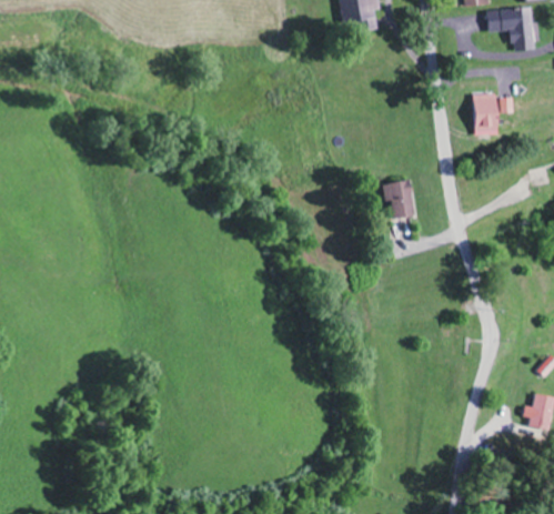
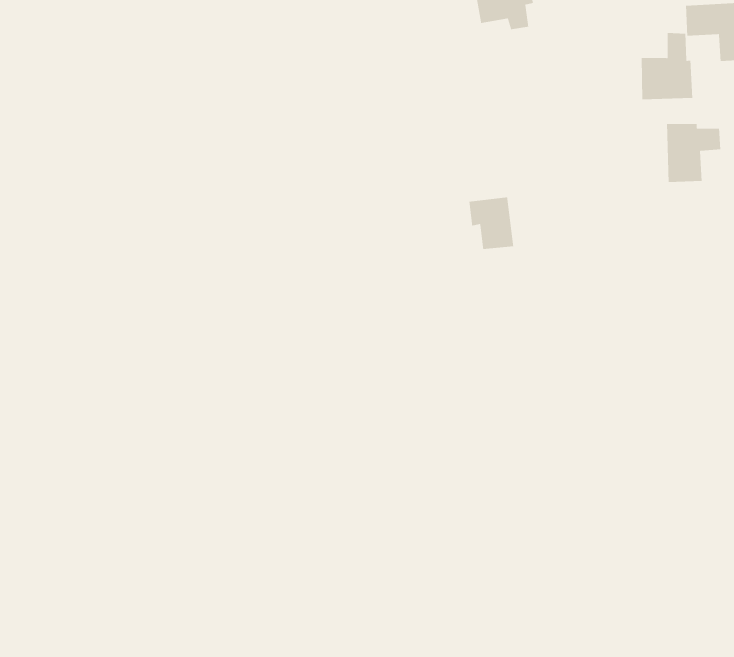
building: none -> [641,32,693,100]
building: [384,180,416,218] -> [468,196,514,250]

